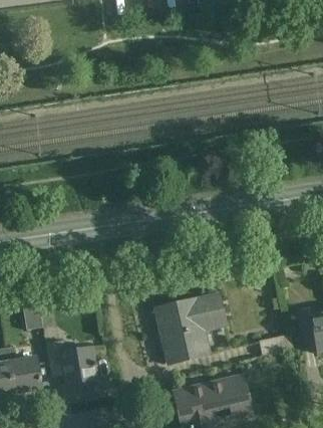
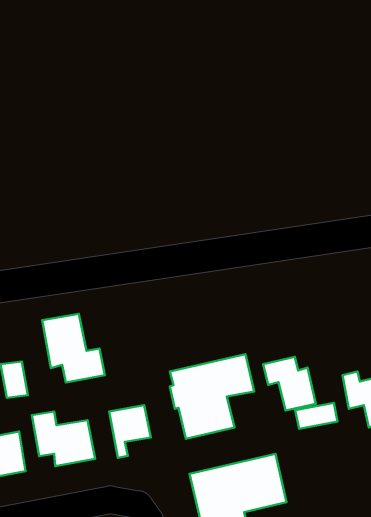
building: none -> [42,314,105,382]
building: none -> [263,357,316,410]
building: none -> [109,405,151,458]

